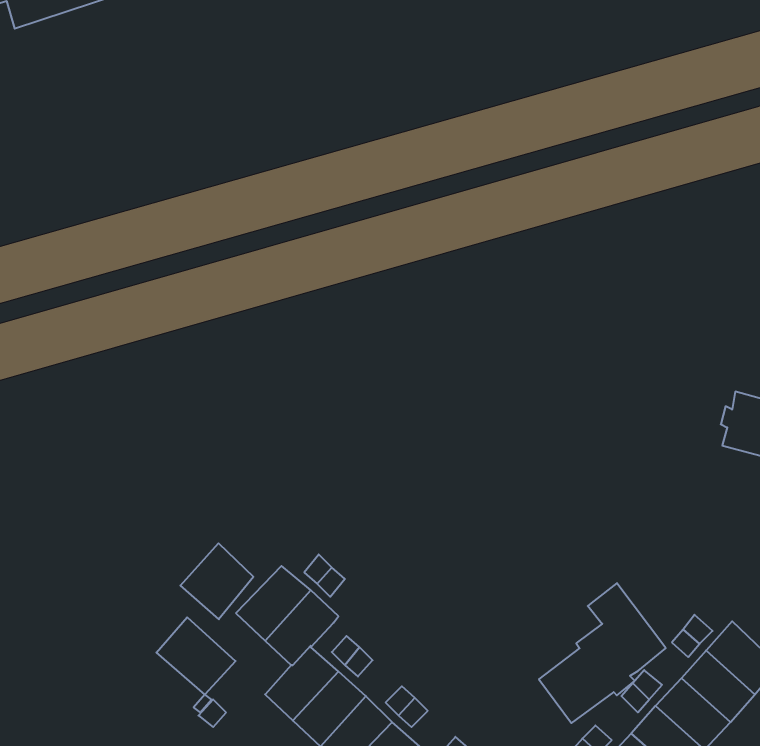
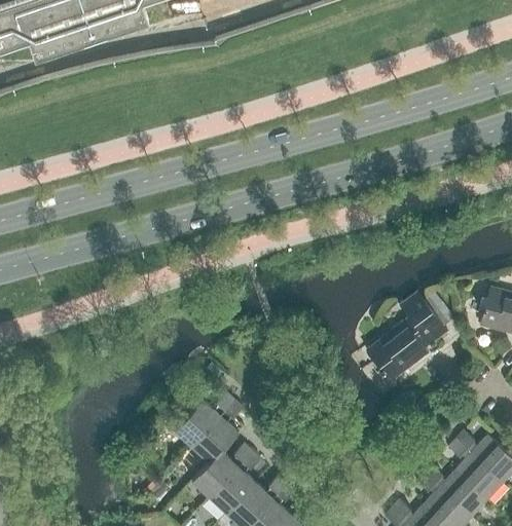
building: [180,543,253,619] -> none
building: [539,583,666,723] -> [368,292,448,380]
building: [156,617,236,694] -> none

